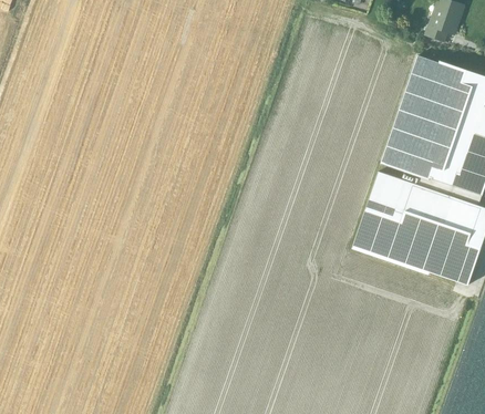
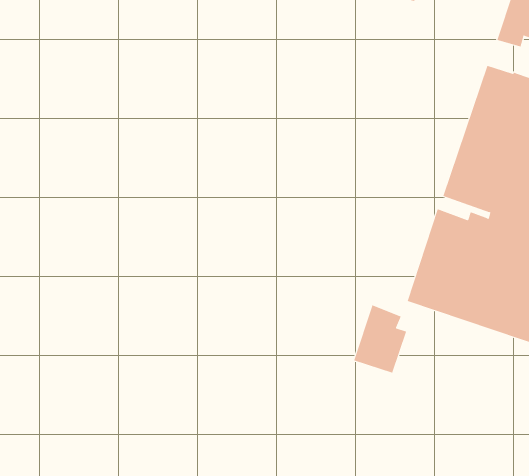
building: none -> [353,305,407,373]

